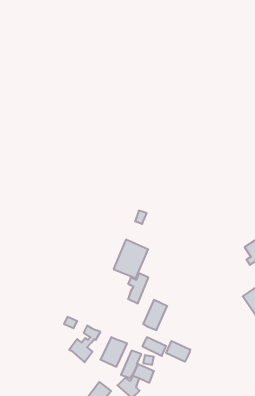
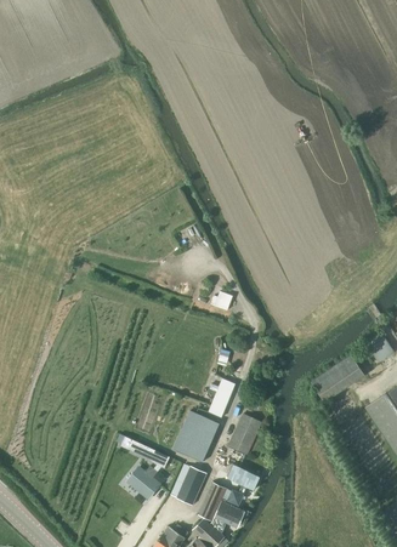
building: [114,240,148,278] -> [172,410,220,462]
building: none -> [311,354,365,400]
building: [166,341,190,362] -> none

